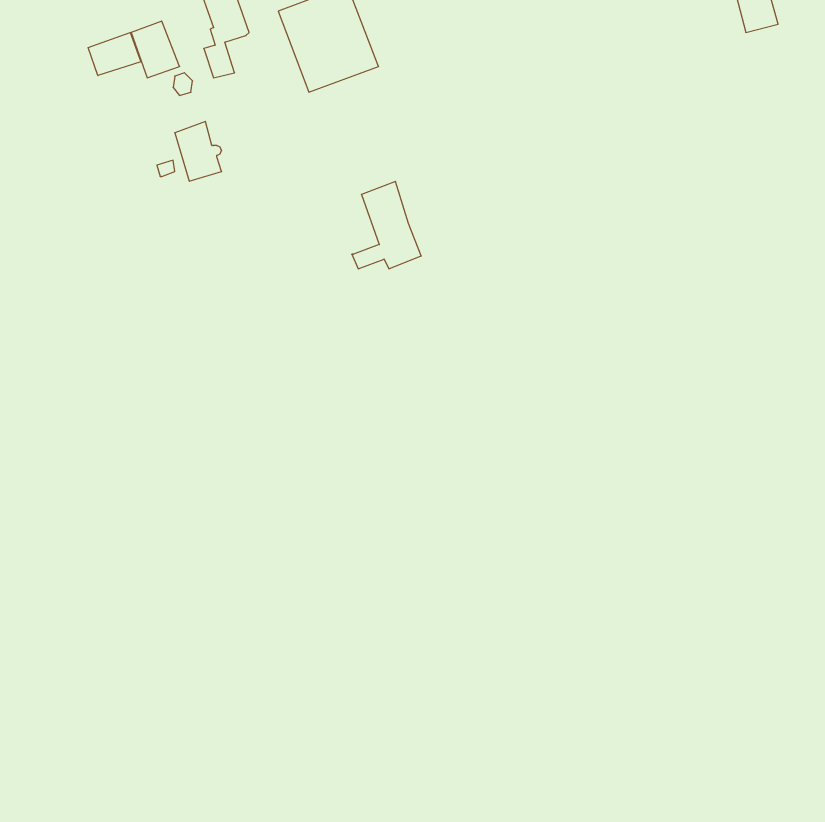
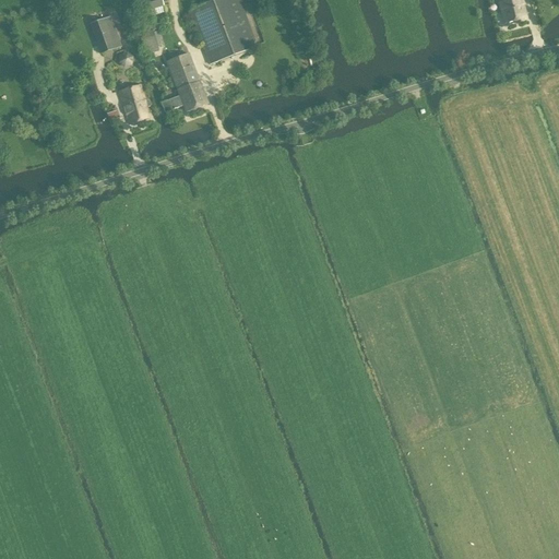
building: [88,33,141,76] -> none
building: [352,181,421,269] -> [159,51,206,110]

